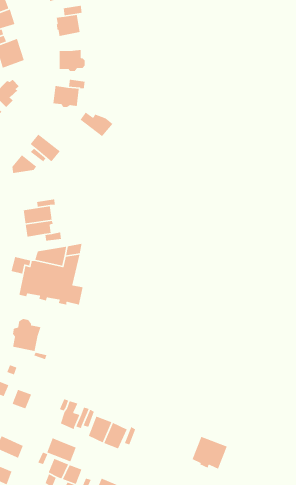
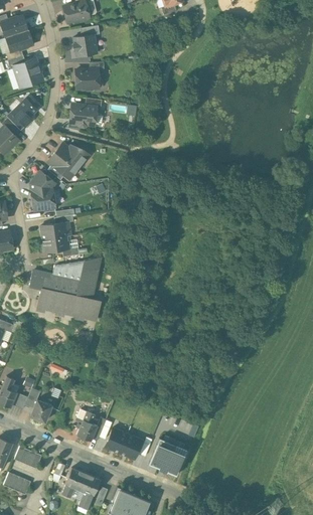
building: [79,112,113,137] -> [55,143,89,168]
building: none -> [30,187,54,211]
building: [12,318,41,352] -> none
building: [192,436,228,470] -> [150,440,185,473]
building: [46,437,77,463] -> none

